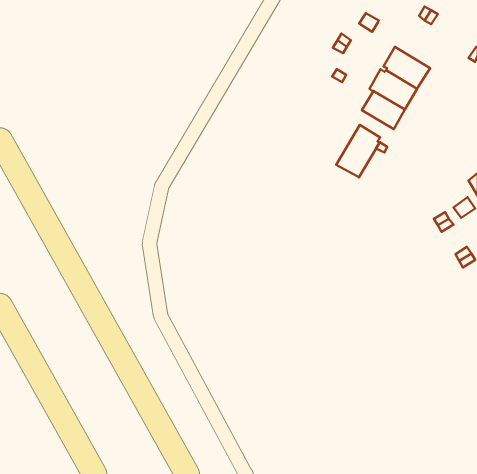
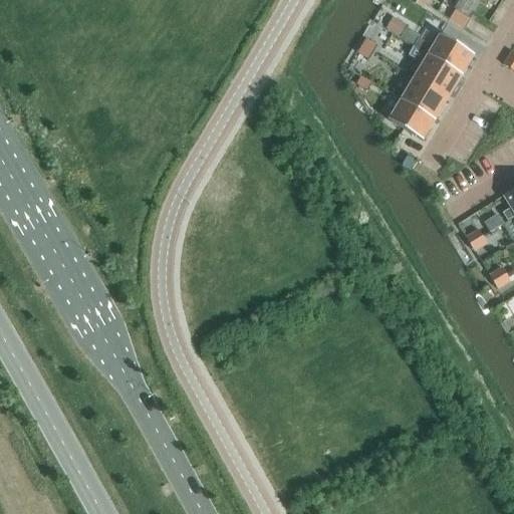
building: none -> [414,30,475,73]
building: [336,125,380,178] -> none

